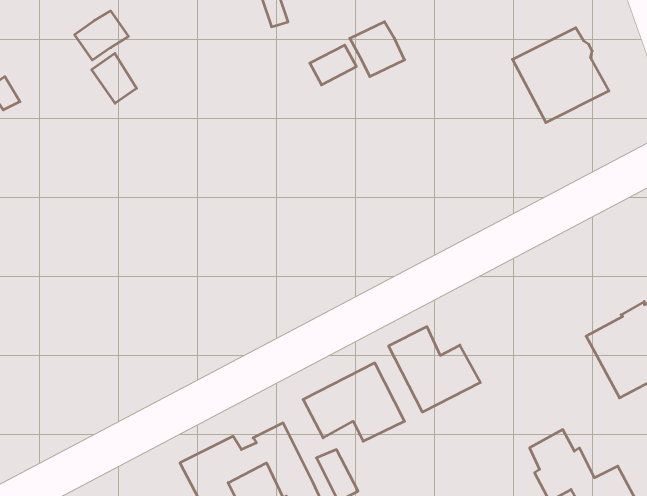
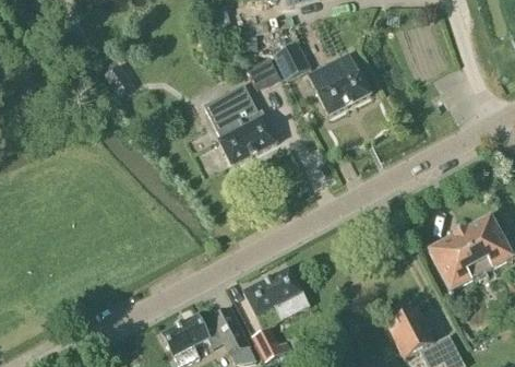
building: [75,11,128,60] -> none
building: [512,28,609,123] -> [307,54,370,116]
building: none -> [203,84,276,166]
building: [389,327,480,412] -> none

